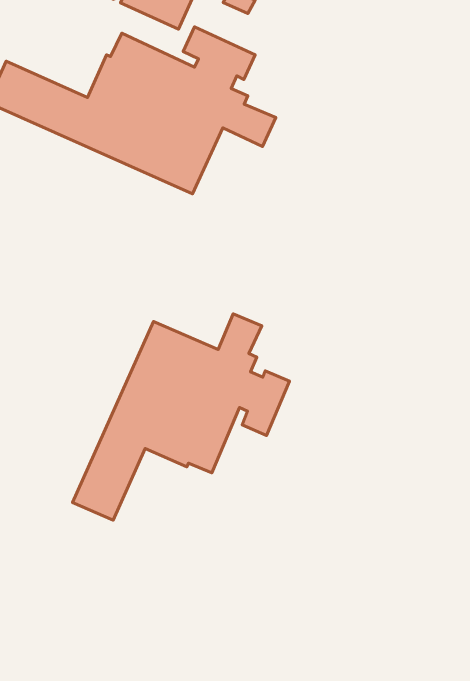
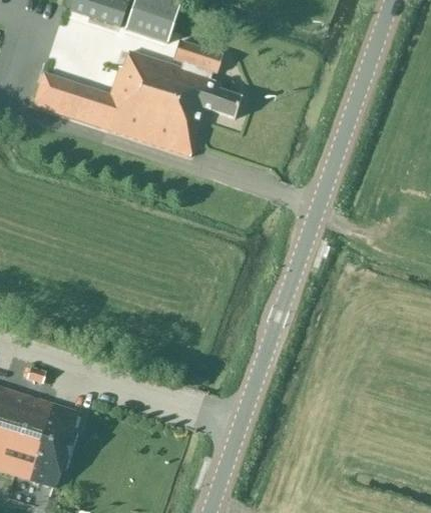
building: [73,314,289,520] -> none

